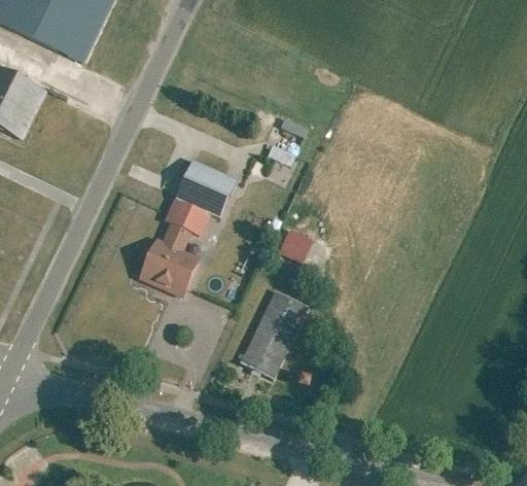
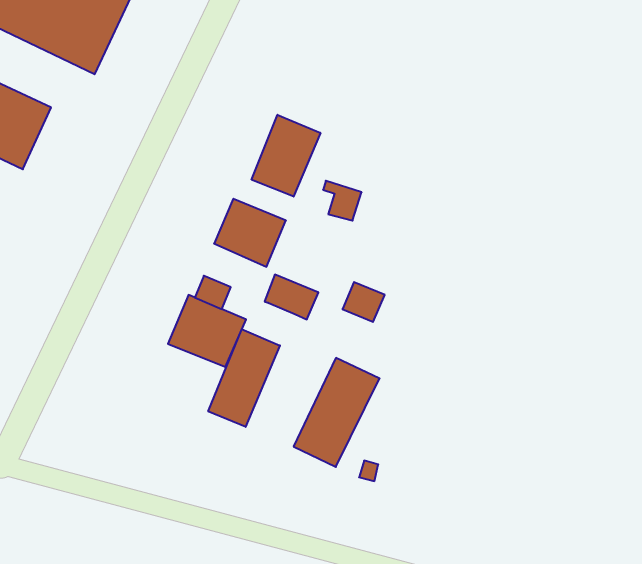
building: none -> [252,115,320,197]
building: [165,201,208,237] -> [265,275,318,319]
building: none -> [208,329,280,427]

